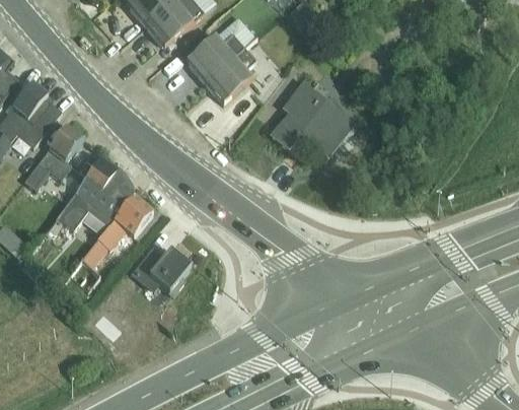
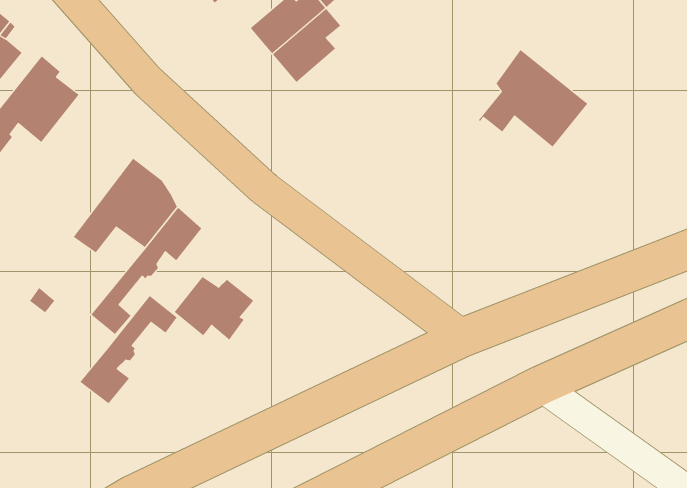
building: [271,82,353,155] -> [478,49,588,147]
building: [24,126,82,189] -> none
building: none -> [79,295,178,404]

